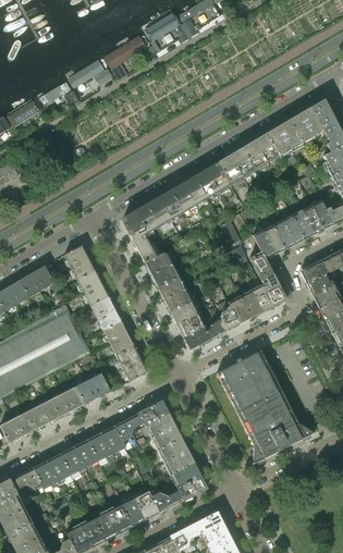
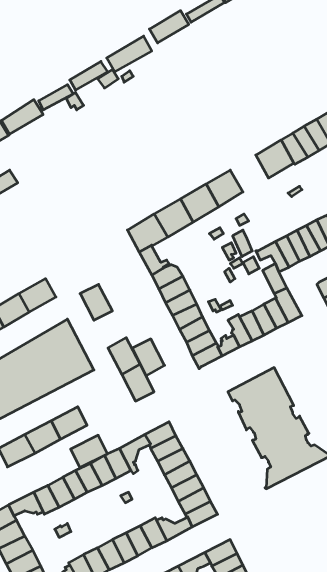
building: [219,149,255,184] -> none
building: [64,246,95,280] -> none
building: [90,296,121,331] -> [132,339,165,376]
building: [75,373,110,404] -> [71,435,108,468]

